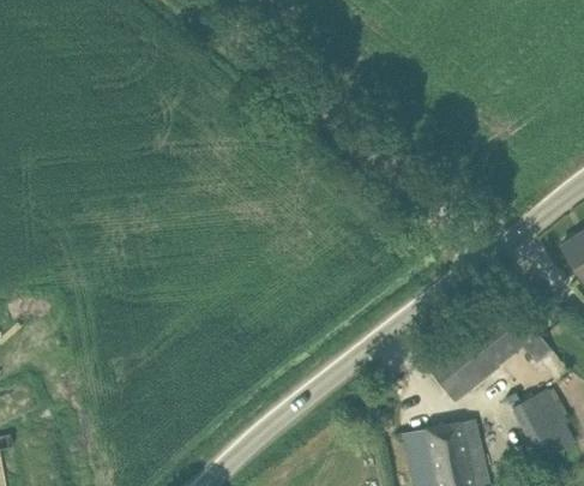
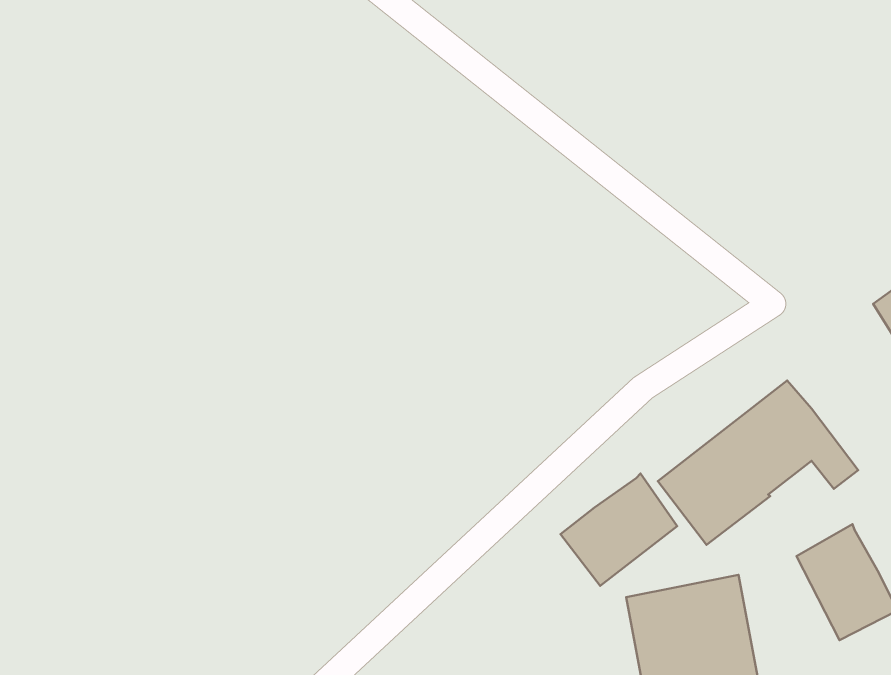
building: none -> [561,474,677,586]

